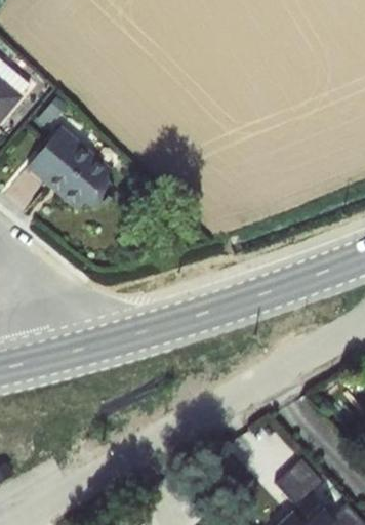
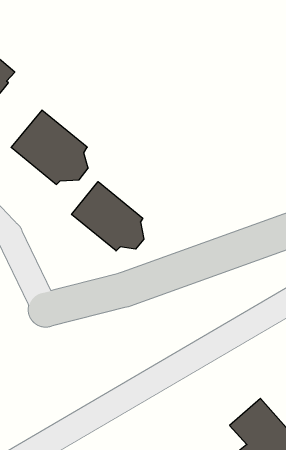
building: none -> [72,182,144,251]

